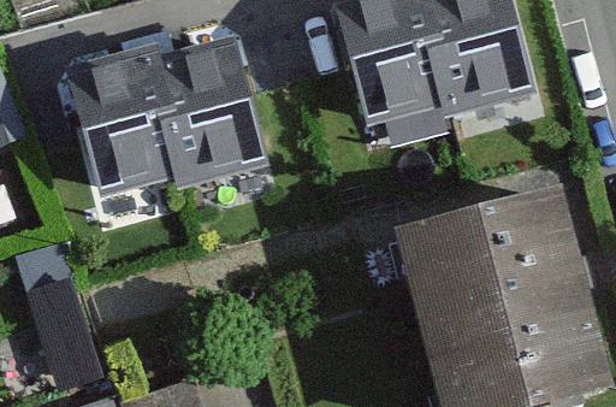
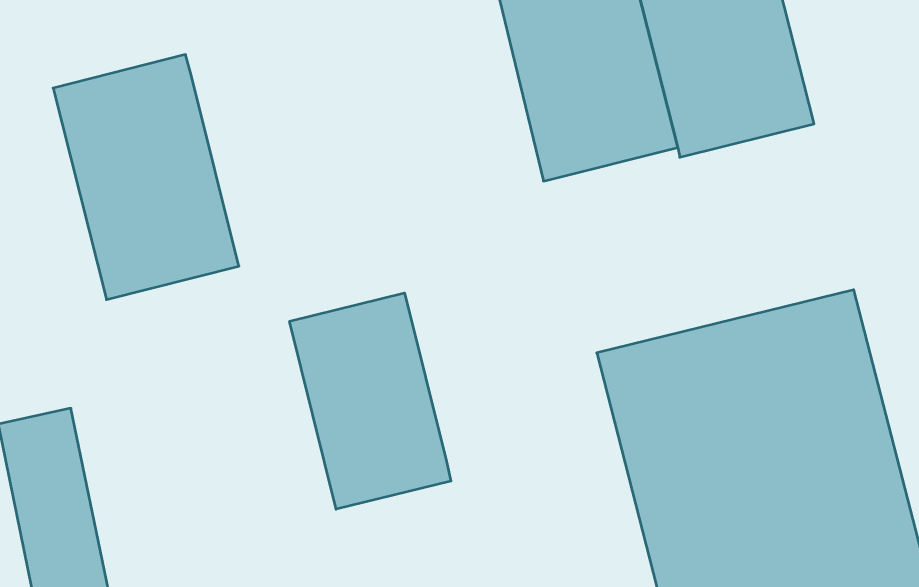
building: [152,42,263,183] -> none
building: none -> [290,293,451,509]

